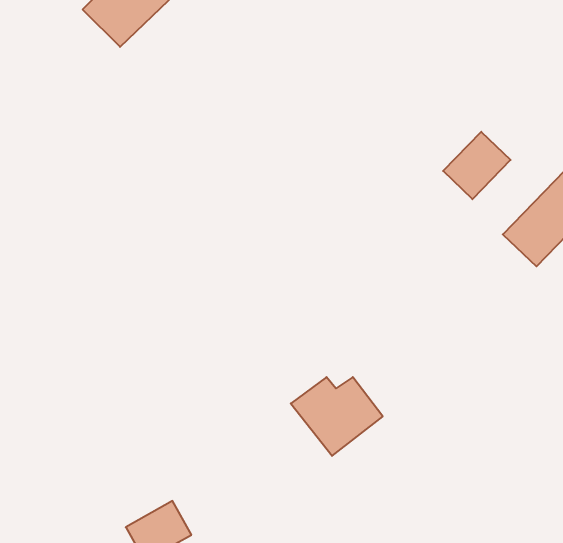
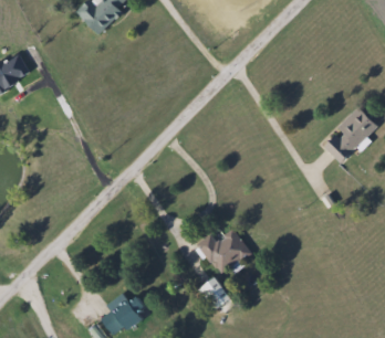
building: [443,132,511,199] -> none
building: none -> [197,276,229,310]

